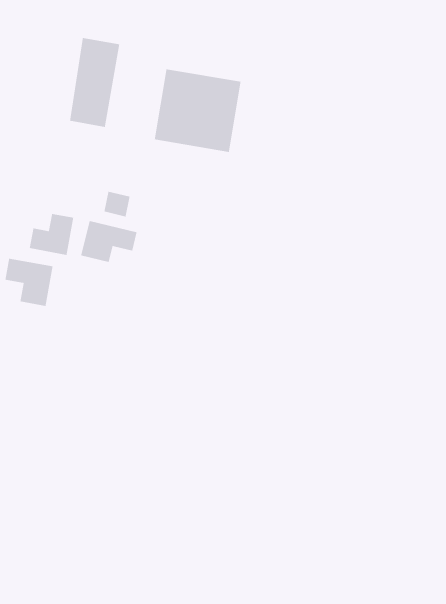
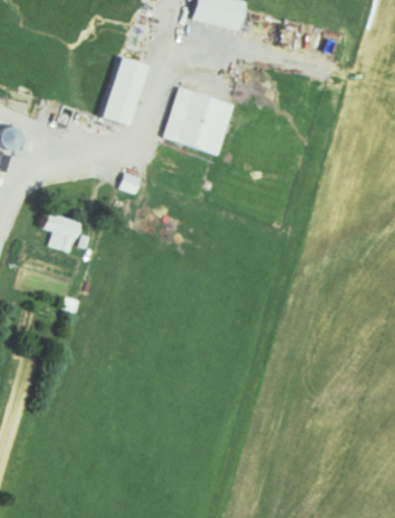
building: [29,213,74,256] -> none
building: [80,220,138,263] -> none

